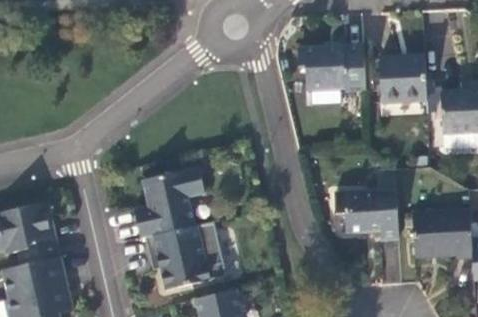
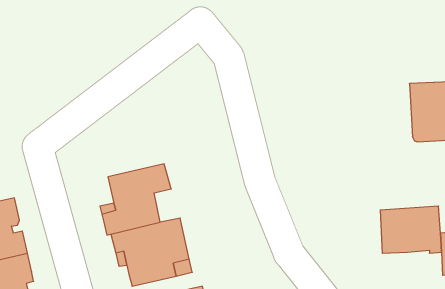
building: [297,43,366,90] -> none
building: [380,53,427,100] -> none
building: [336,168,399,238] -> none

